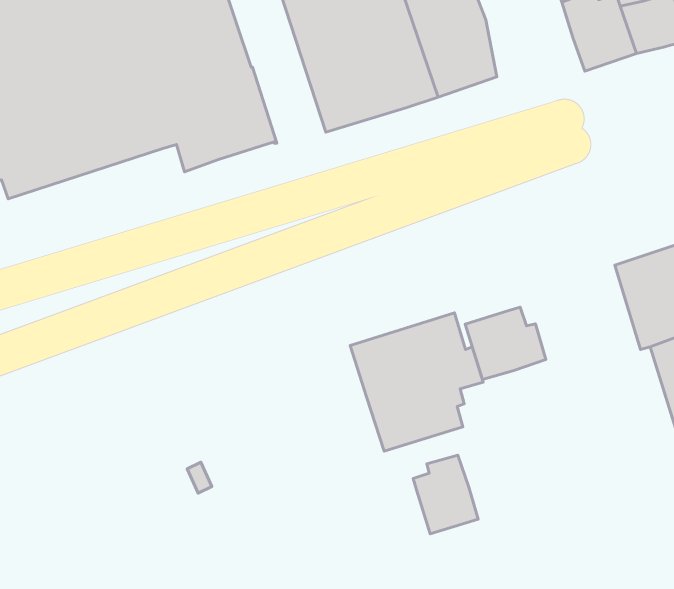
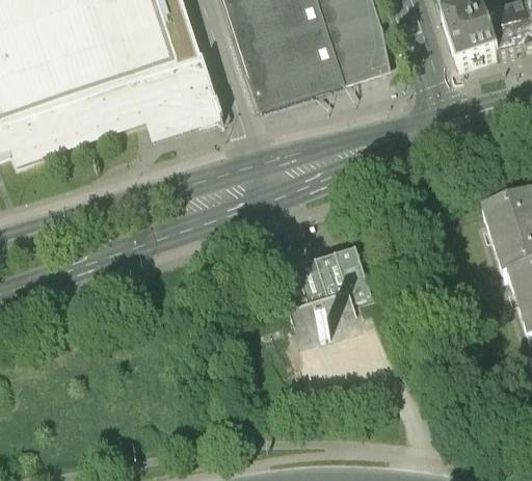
building: [465,307,546,380] -> none
building: [413,455,478,534] -> none

